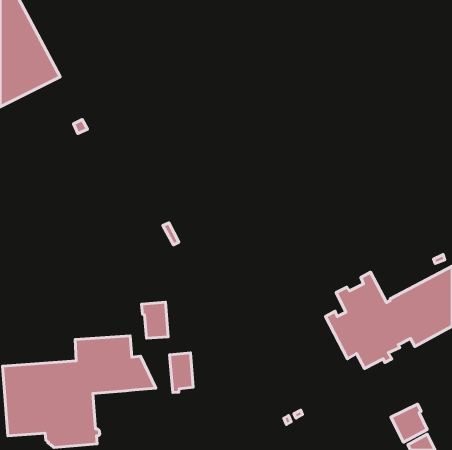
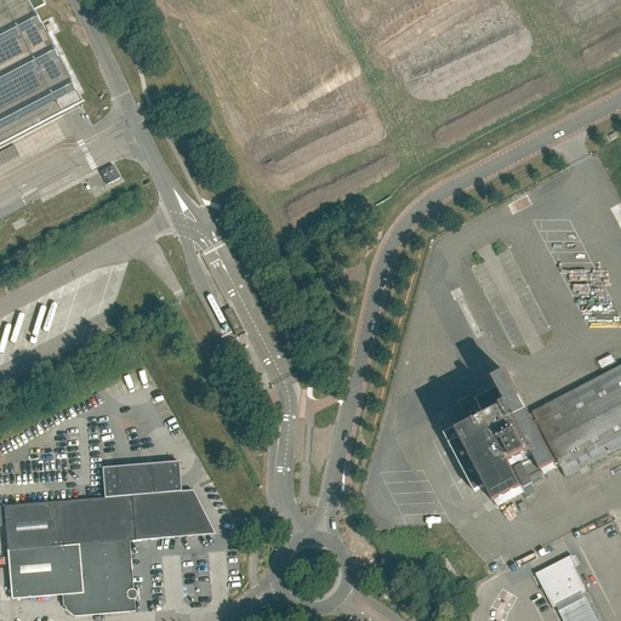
building: [142,302,168,338] -> none
building: [170,353,193,393] -> none

